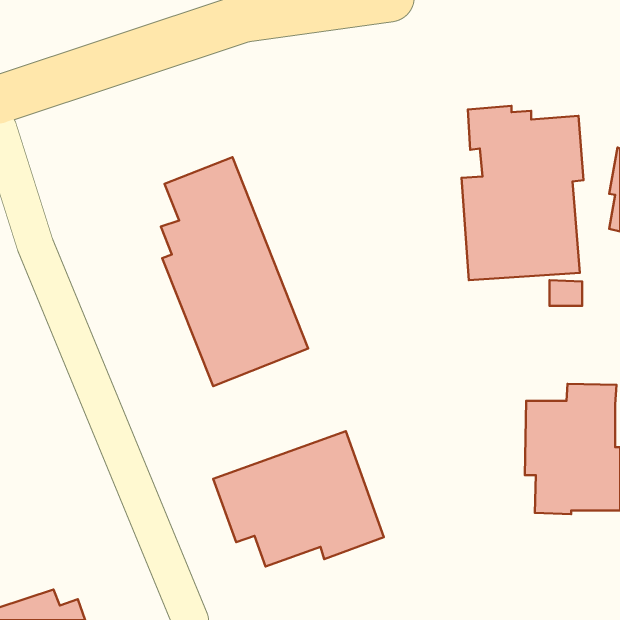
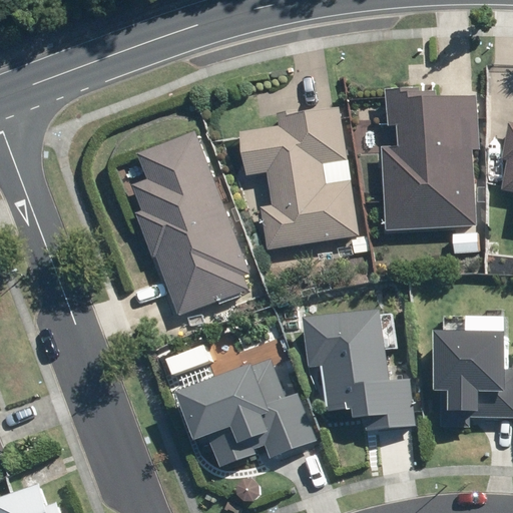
building: none -> [239,106,359,249]
building: none -> [303,311,416,429]

